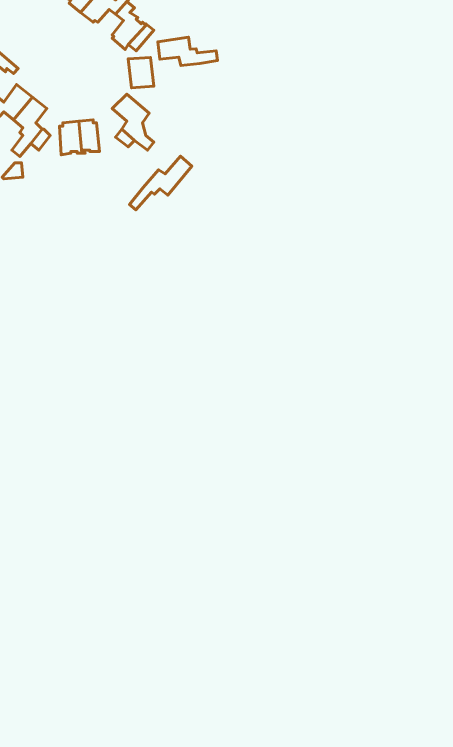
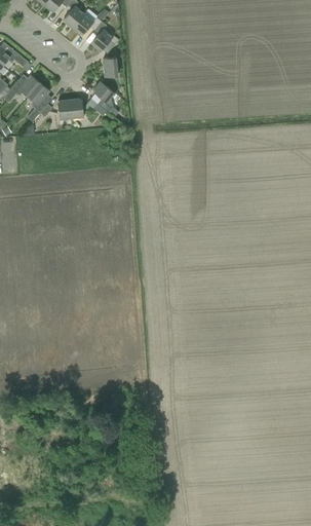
building: [158,37,217,66] -> none
building: [130,156,192,210] -> none

